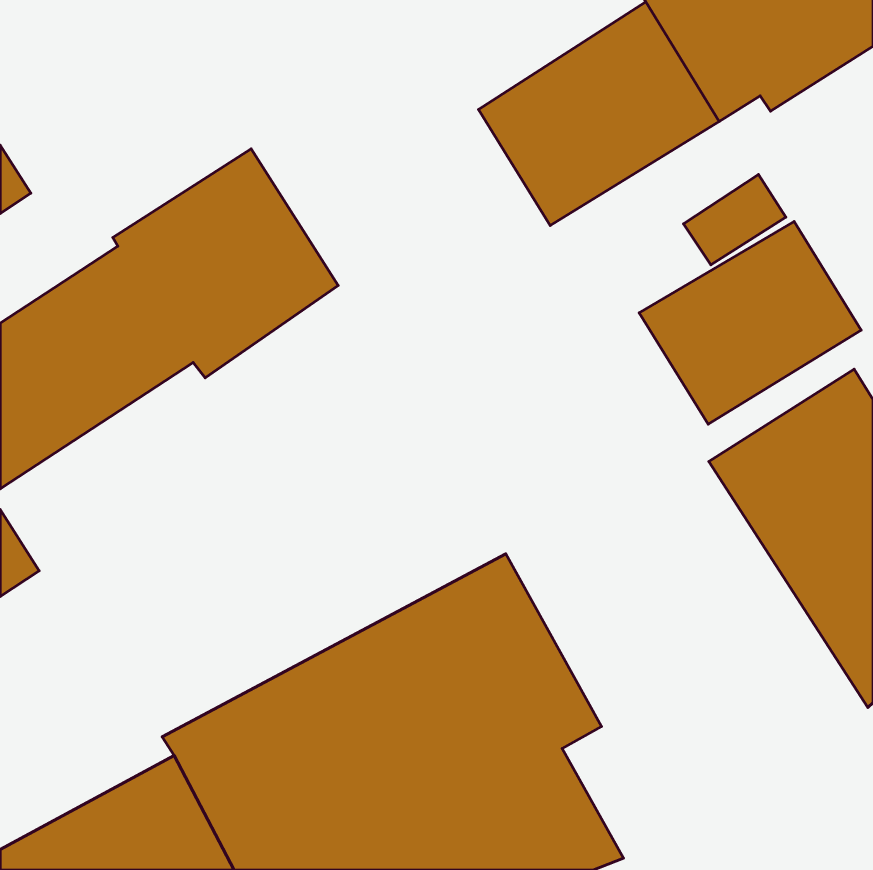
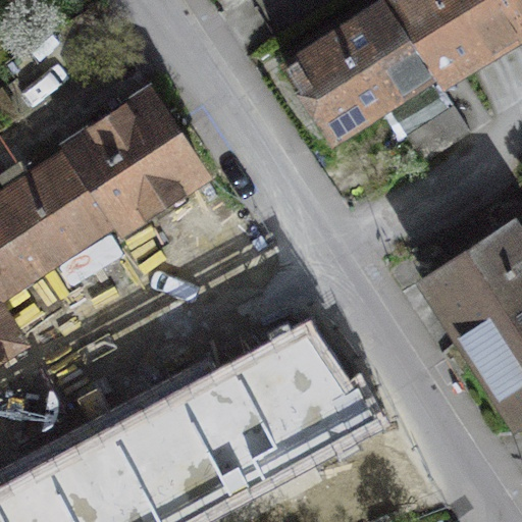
building: [639,221,861,424] -> none

